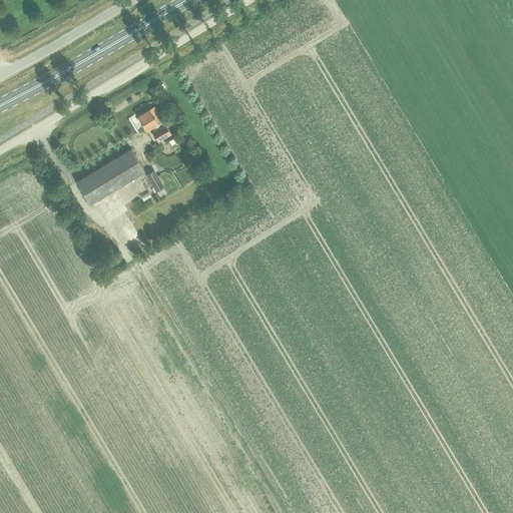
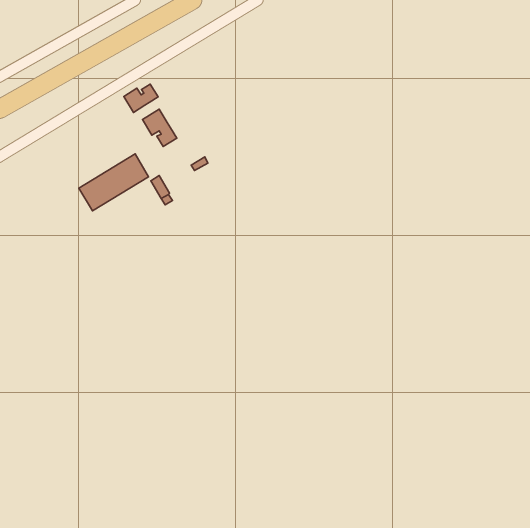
building: none -> [124,84,158,112]

